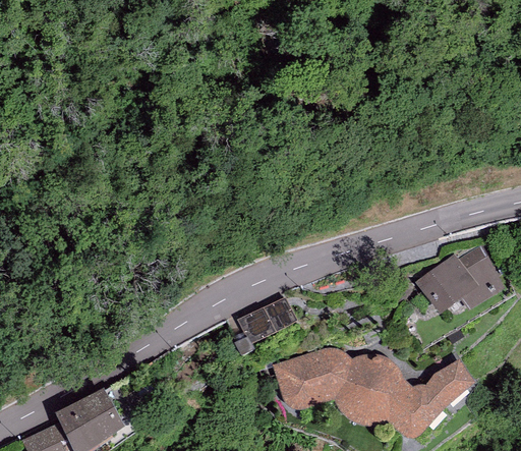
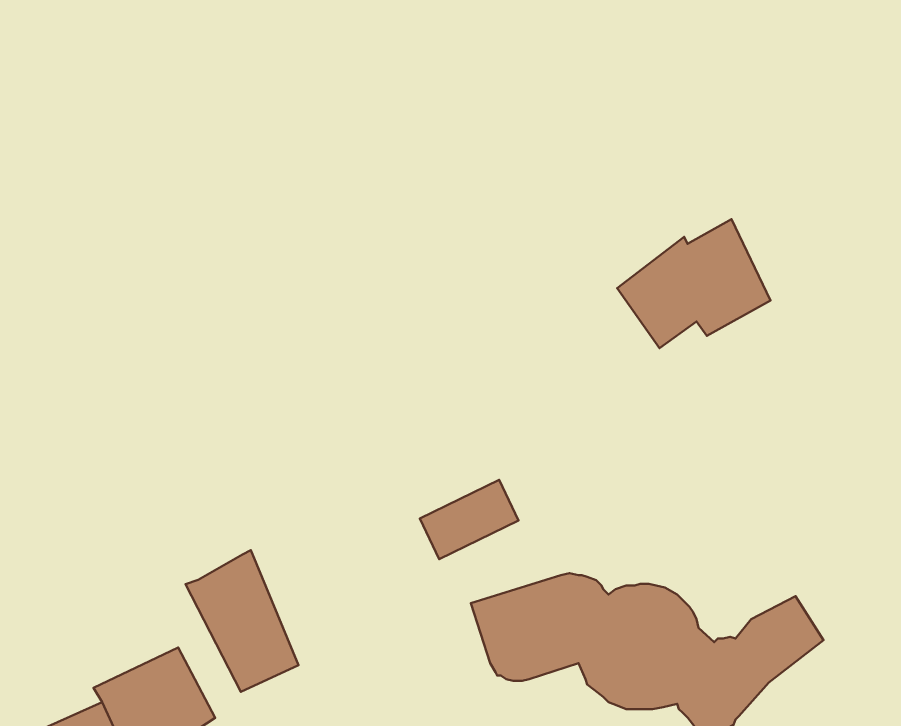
building: [415,241,504,316] -> [617,219,770,348]
building: none -> [186,550,299,692]

